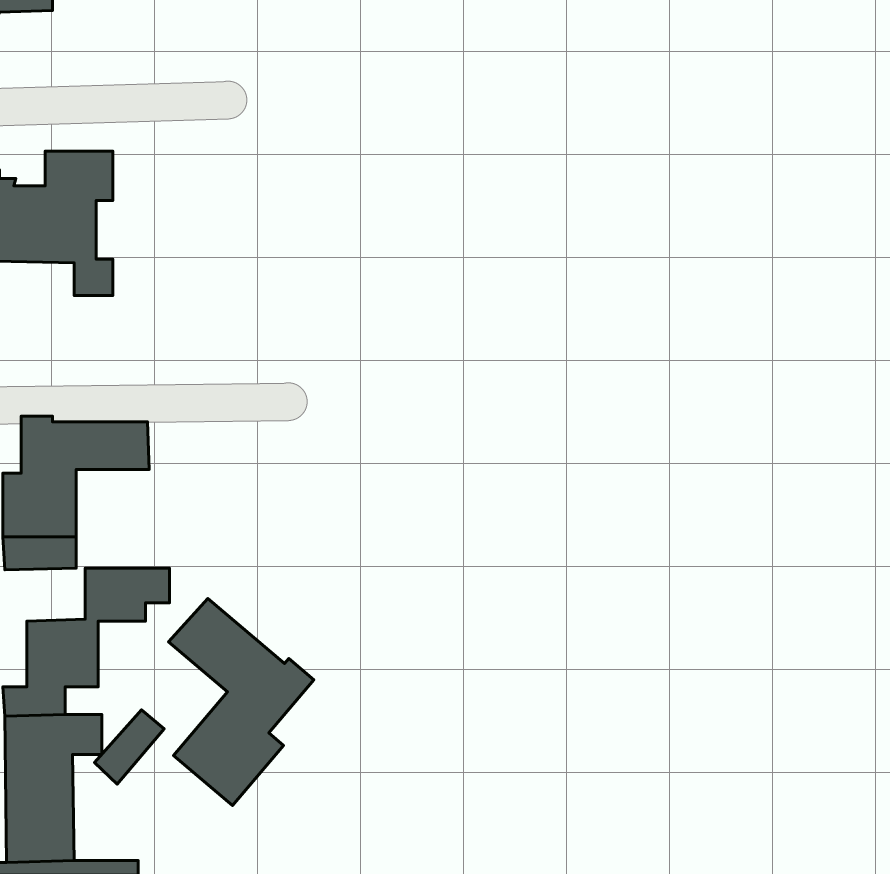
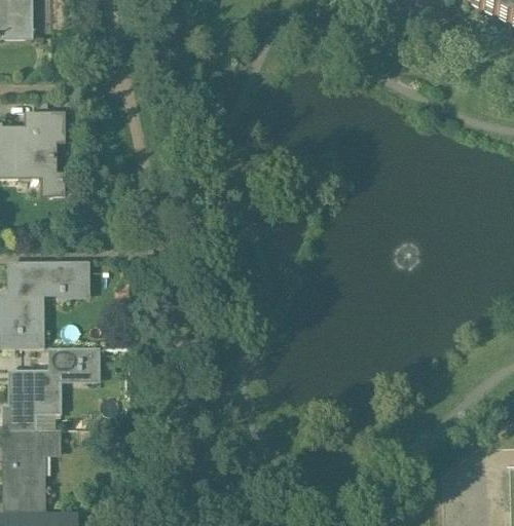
building: [168,599,314,806] -> none
building: [95,710,164,784] -> none

